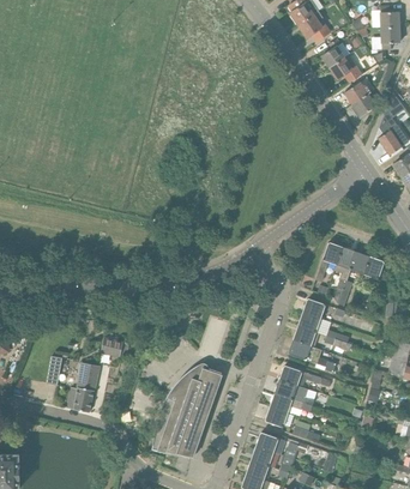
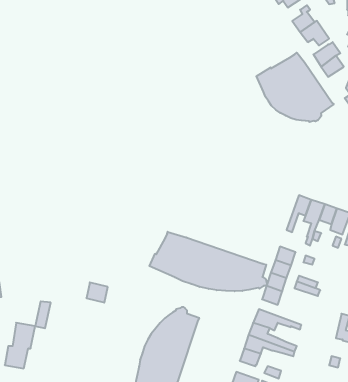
building: none -> [256,53,334,122]
building: none -> [149,232,267,291]
building: [68,363,101,412] -> [5,323,35,368]

